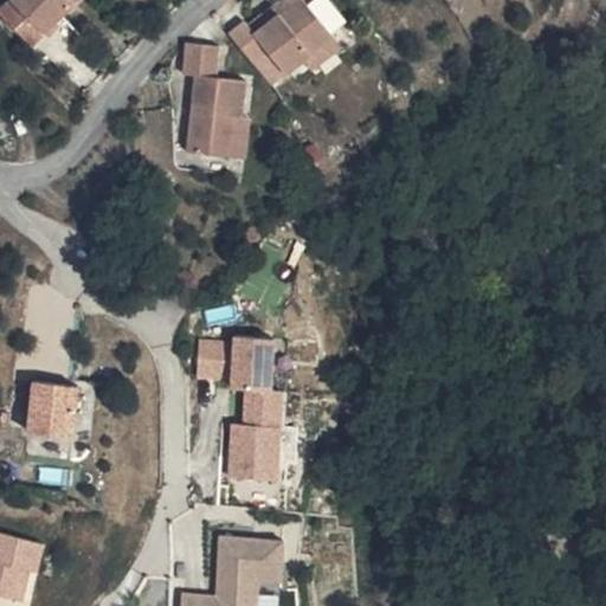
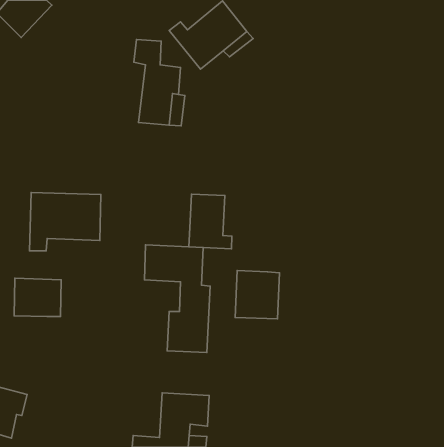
building: none -> [29,192,101,251]
building: none -> [189,194,232,249]
building: none -> [235,271,280,319]

